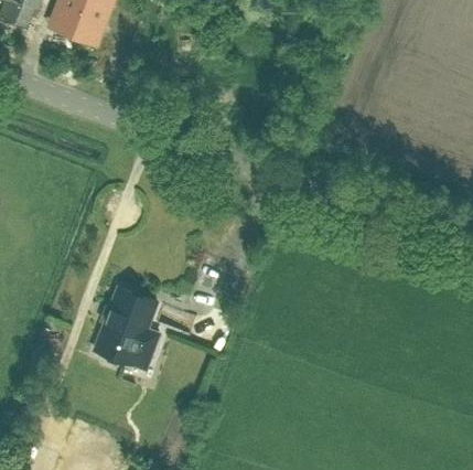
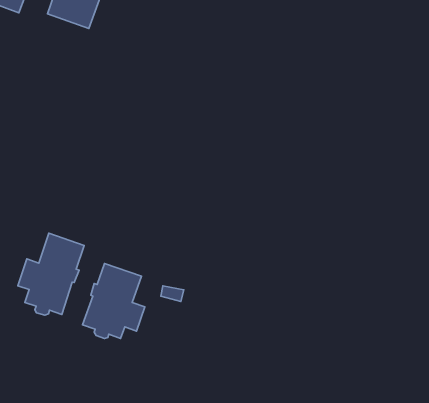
building: none -> [18,233,84,315]

